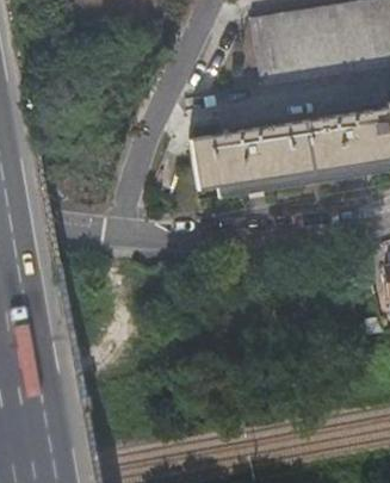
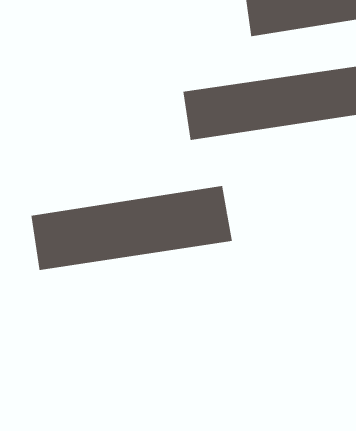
building: none -> [31,185,232,271]

